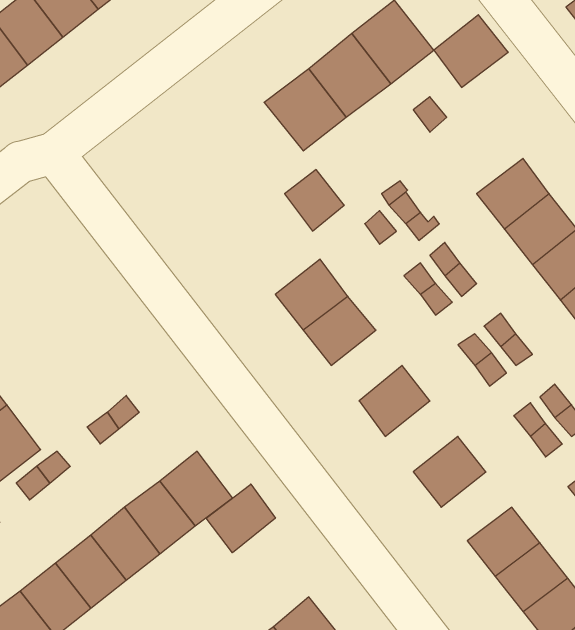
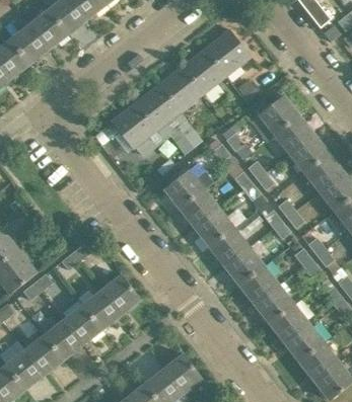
building: [434,15,508,87] -> [259,94,299,134]
building: none -> [112,84,180,148]
building: none -> [195,208,233,246]
building: none -> [224,246,264,285]
building: none -> [255,285,293,322]
building: [206,484,275,553] -> none

